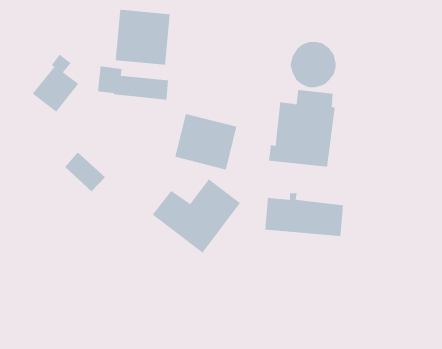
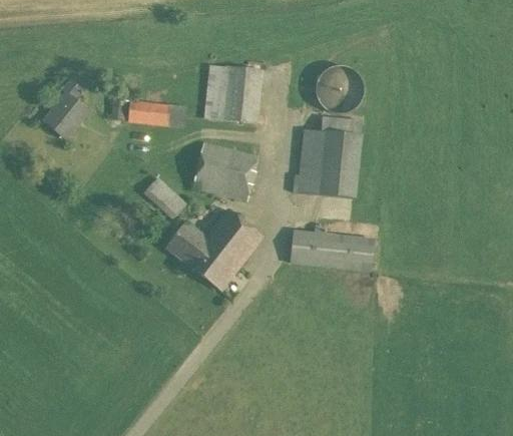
building: [115,9,171,65] -> [202,64,262,123]
building: [64,152,106,192] -> [142,177,186,221]

